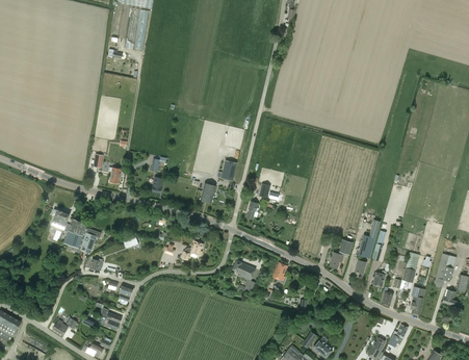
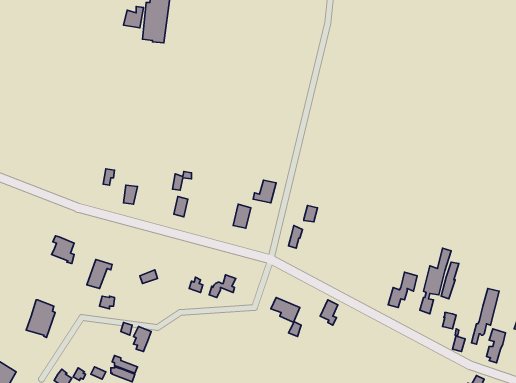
building: [63,218,87,250] -> [26,300,55,338]

